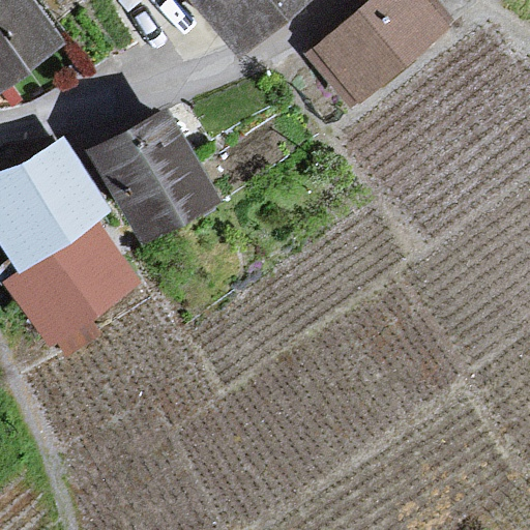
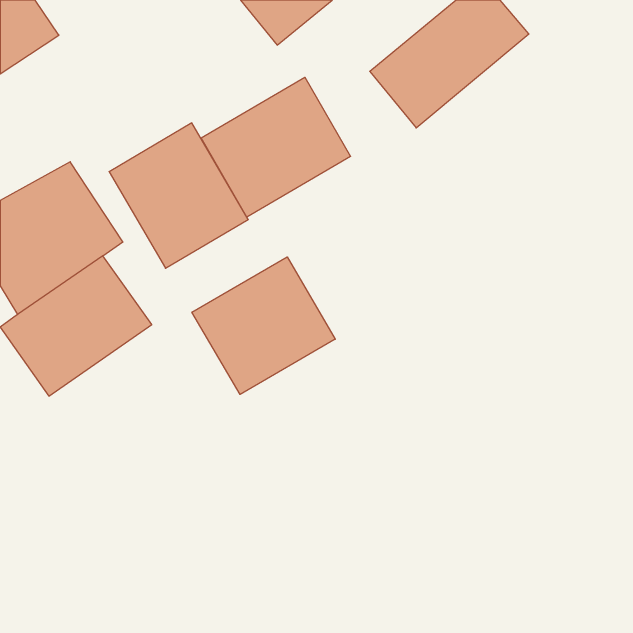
building: none -> [201,77,351,217]
building: none -> [192,257,335,394]

